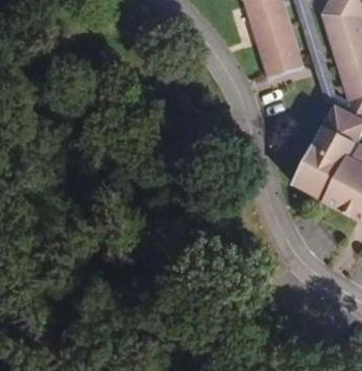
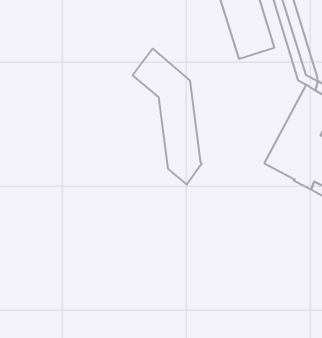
building: none -> [133,49,202,185]

